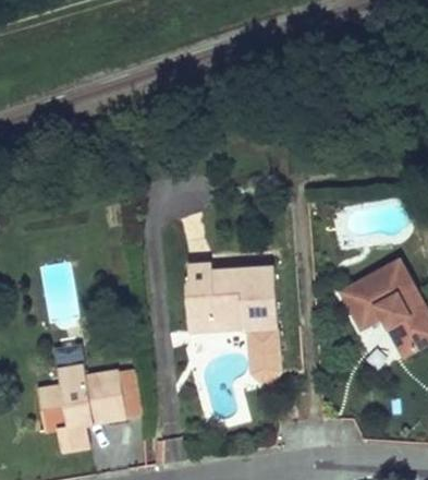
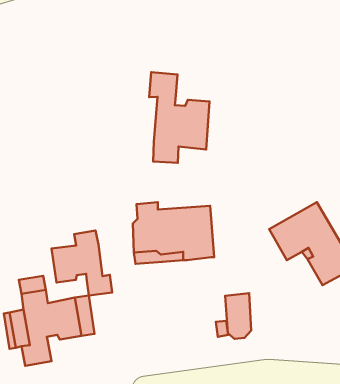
building: none -> [149,72,209,163]
building: none -> [52,231,112,296]
building: [247,325,278,379] -> [225,293,251,339]

